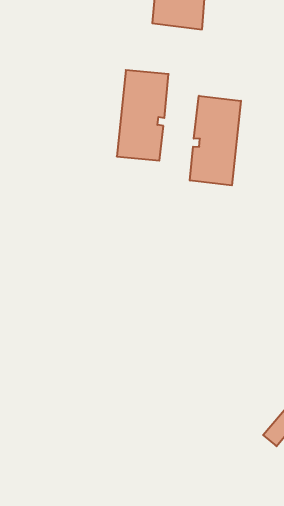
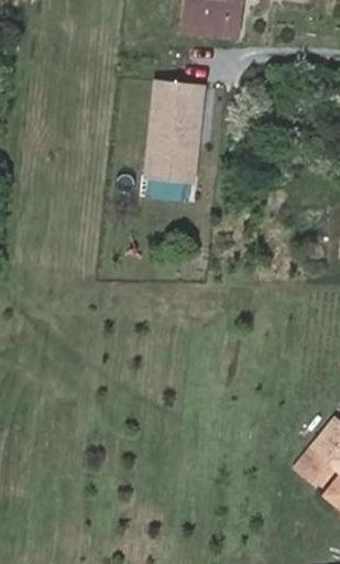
building: [190,96,241,185] -> none

